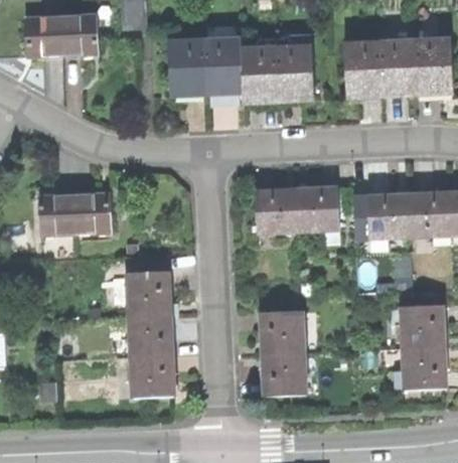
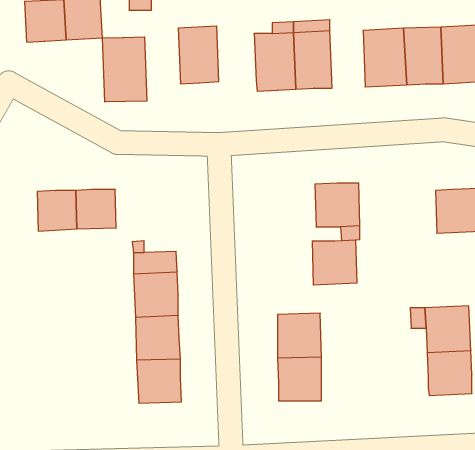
building: [205,40,243,94] -> none
building: none -> [102,37,147,102]
building: [257,190,299,233] -> [312,240,357,285]
building: [368,196,413,239] -> none

